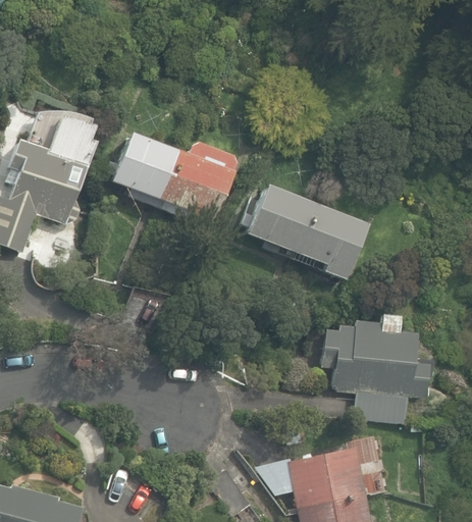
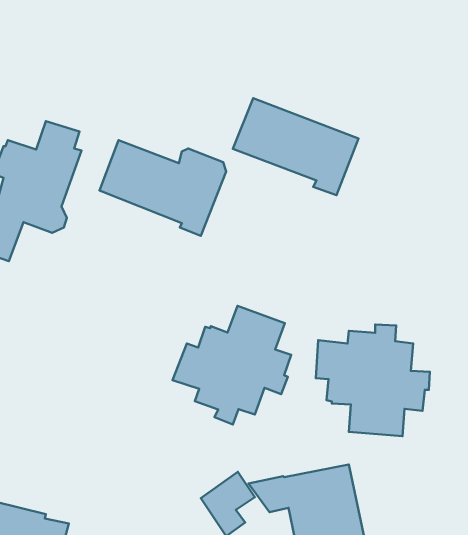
building: [243,184,364,277] -> [233,98,359,195]
building: none -> [173,306,291,425]

